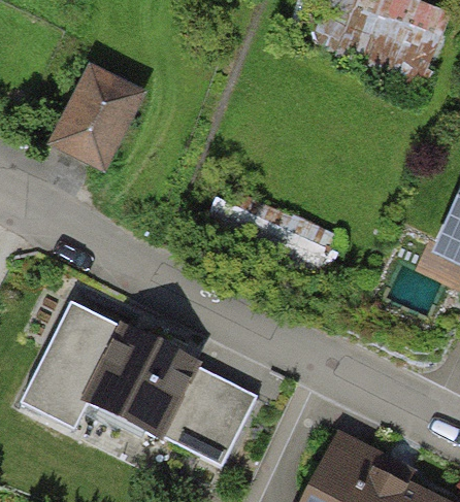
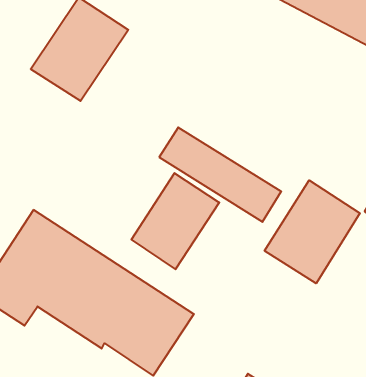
building: none -> [265,180,360,283]
building: none -> [131,173,219,269]

